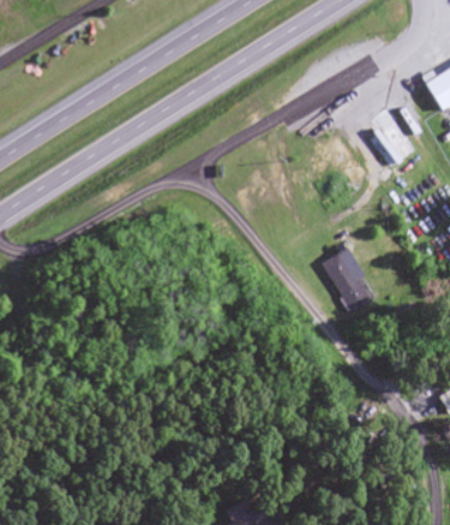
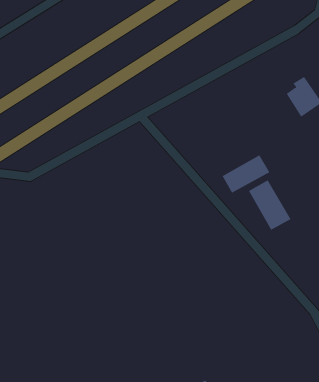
building: none -> [222,154,270,193]

